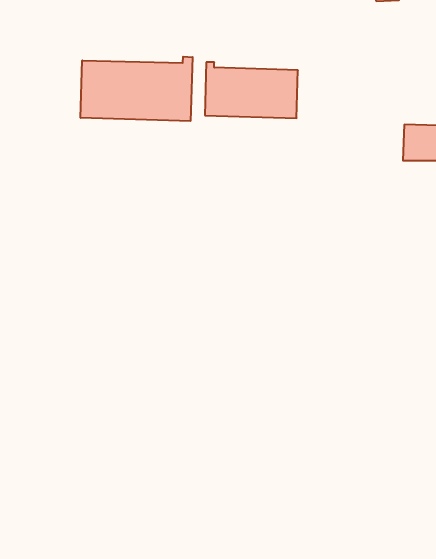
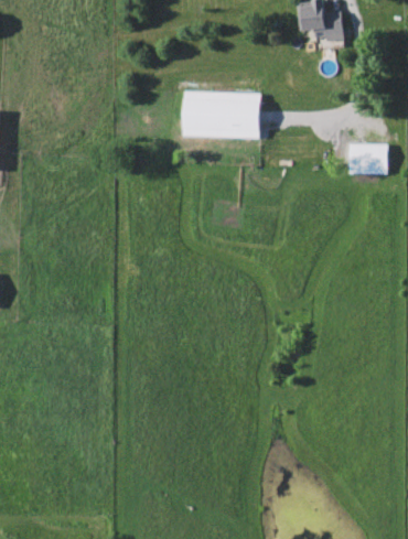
building: [81,57,193,121] -> none

